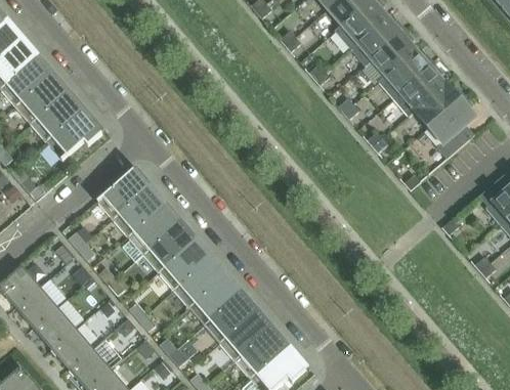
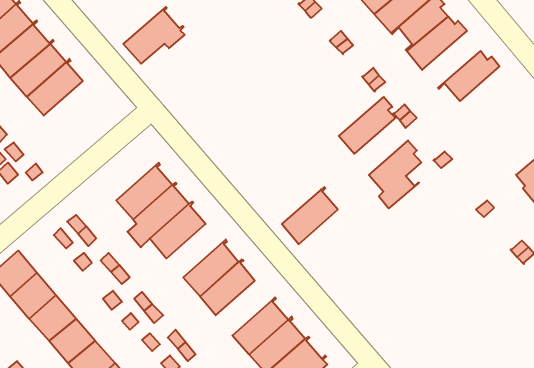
building: [393,62,447,115] -> [339,97,397,154]
building: [428,95,476,158] -> [369,140,421,208]
building: [46,106,102,159] -> [123,7,185,64]
building: [97,166,148,218] -> none
building: [159,236,210,289] -> none
building: [204,290,255,342] -> [282,187,338,244]

